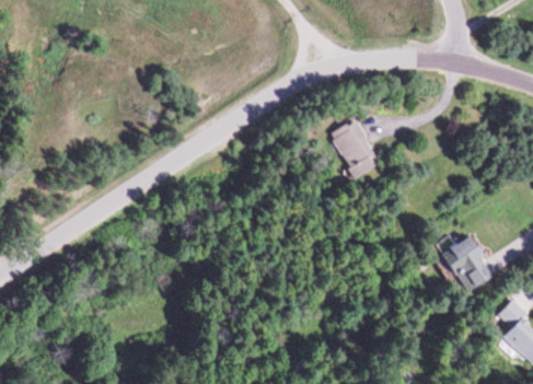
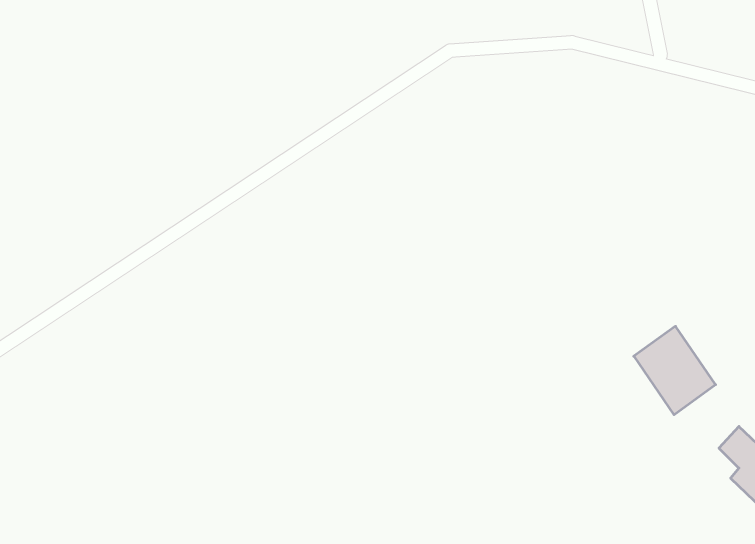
building: [329,119,379,176] -> none

